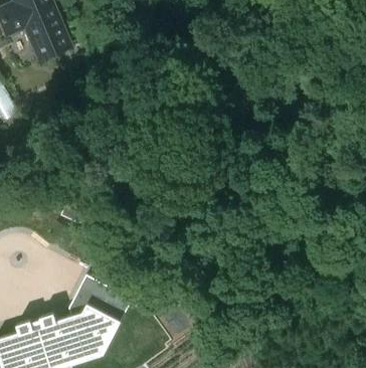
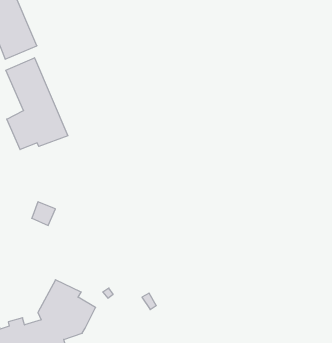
building: none -> [6,58,68,150]

